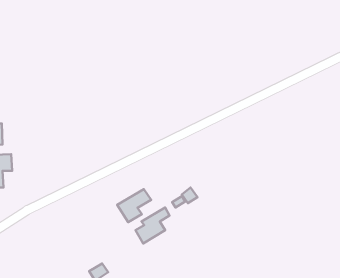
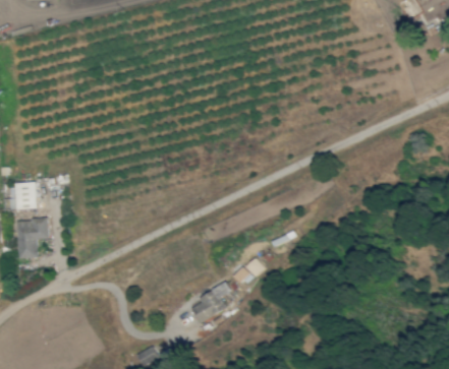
building: [117,189,151,222] -> none

